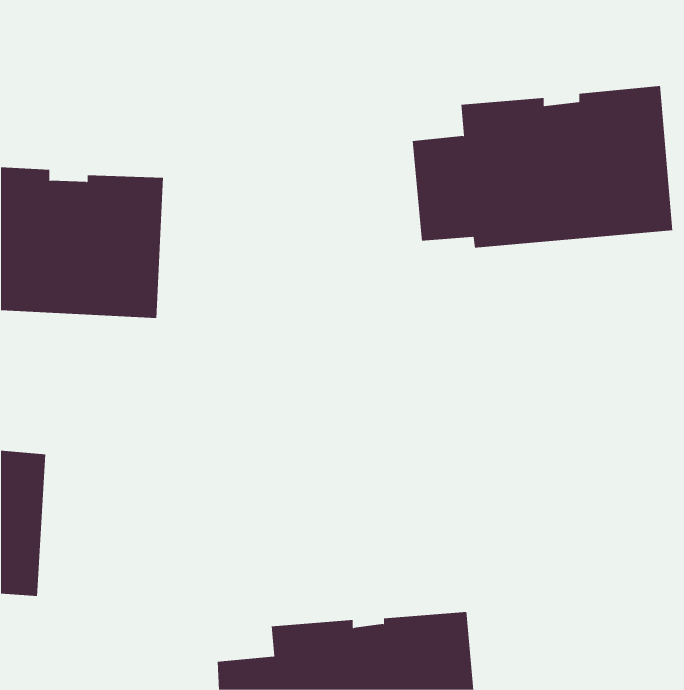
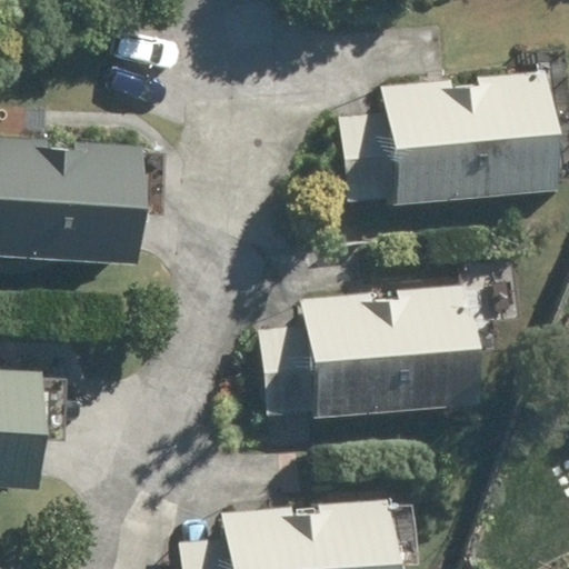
building: none -> [264,286,481,418]

